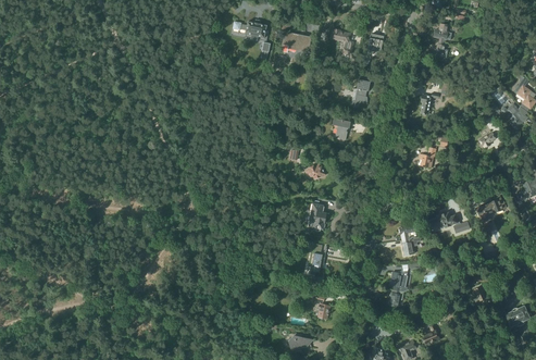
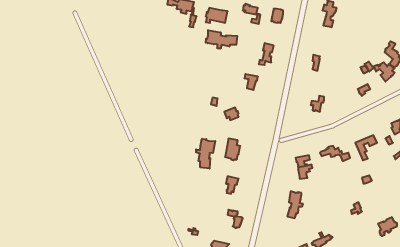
building: none -> [206,30,237,49]
building: none -> [196,139,215,169]

